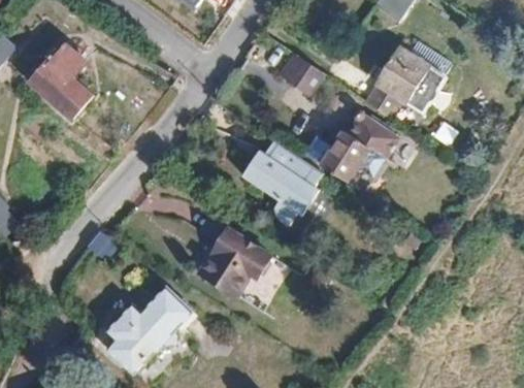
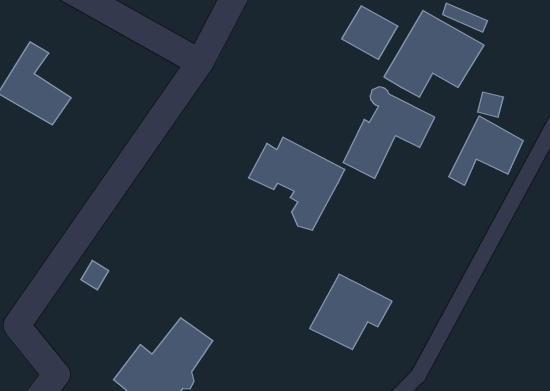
building: [272,52,322,99] -> [342,6,398,59]
building: none -> [449,116,523,185]
building: [200,232,273,298] -> [310,274,392,350]

